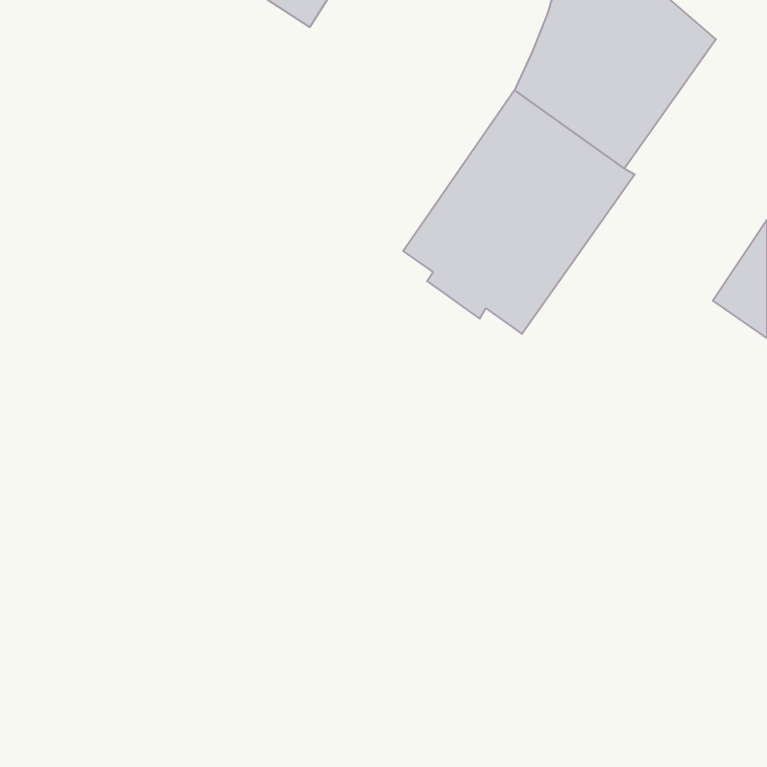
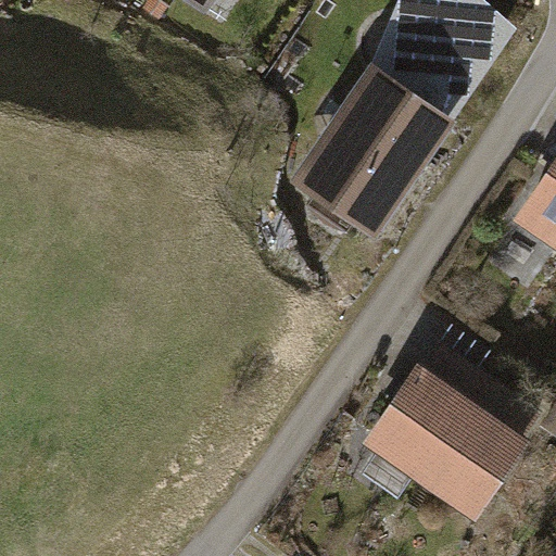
building: none -> [359,362,529,520]

